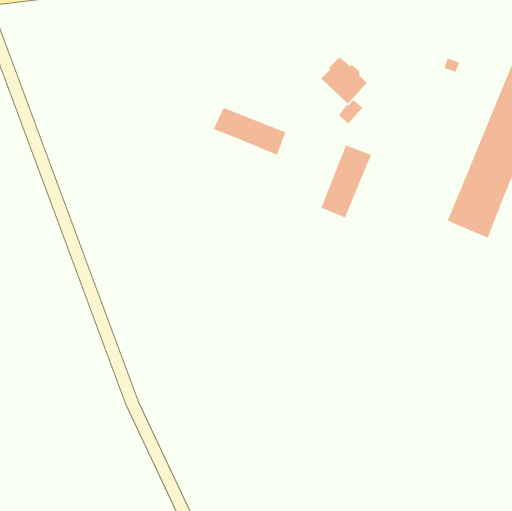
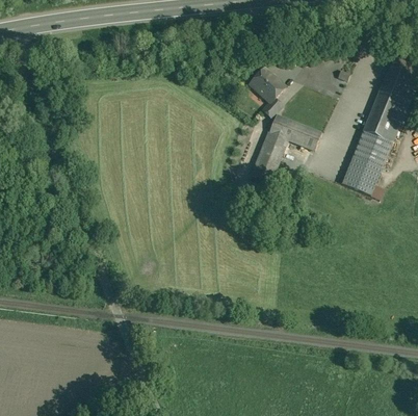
building: [213,107,286,156] -> [269,114,321,149]

